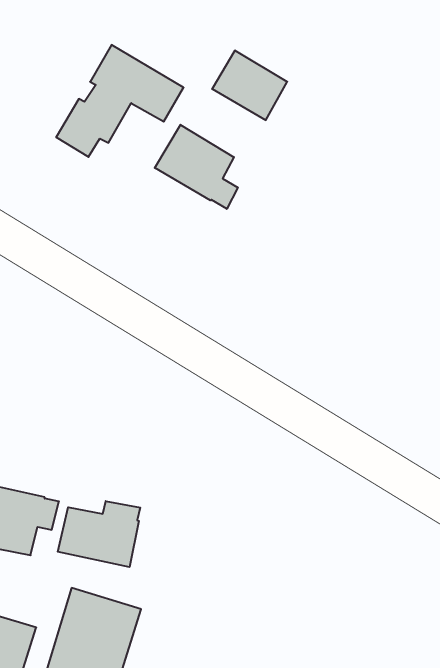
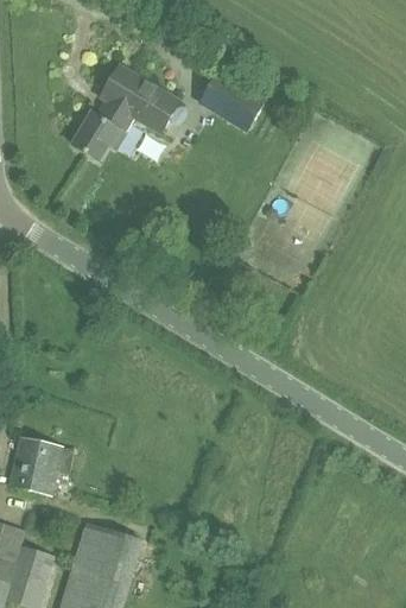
building: [155,125,238,209] -> none
building: [58,501,140,567] -> none

